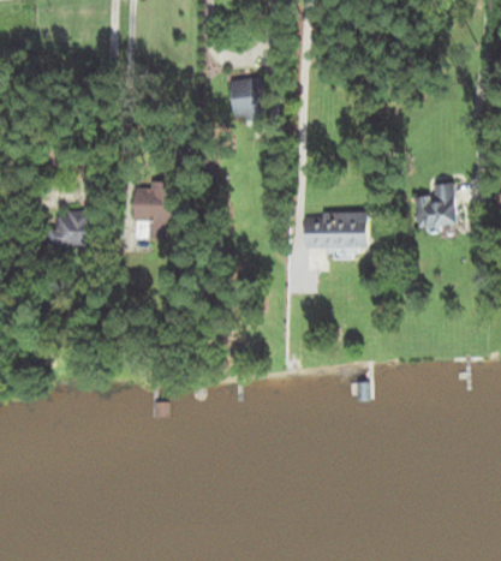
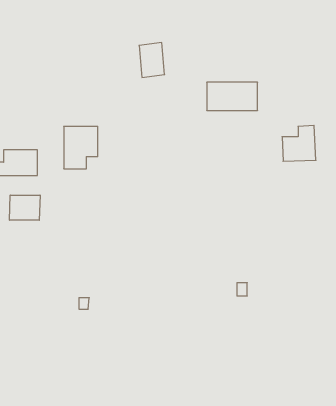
building: [302,213,366,249] -> [207,82,258,110]
building: none -> [10,195,40,220]

